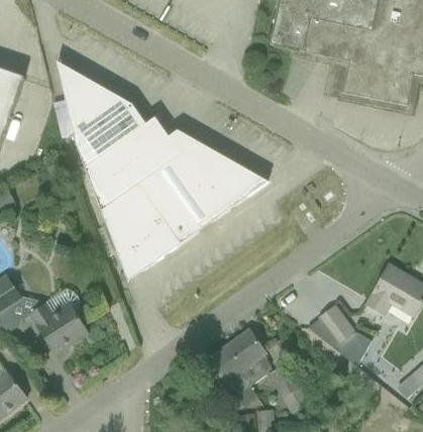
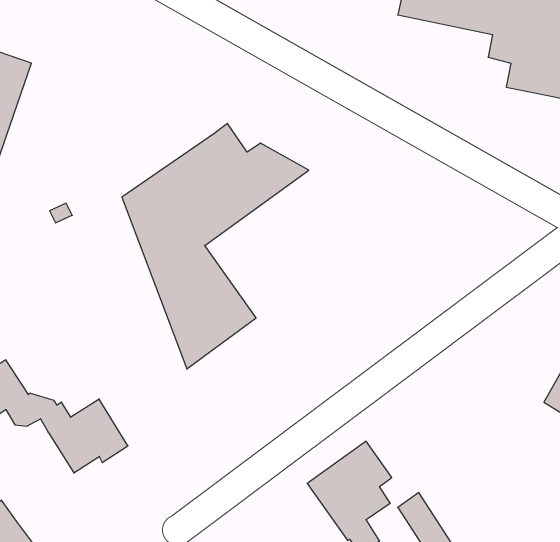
building: [58,61,146,166] -> none
building: [140,147,268,246] -> none
building: [308,306,372,365] -> none

